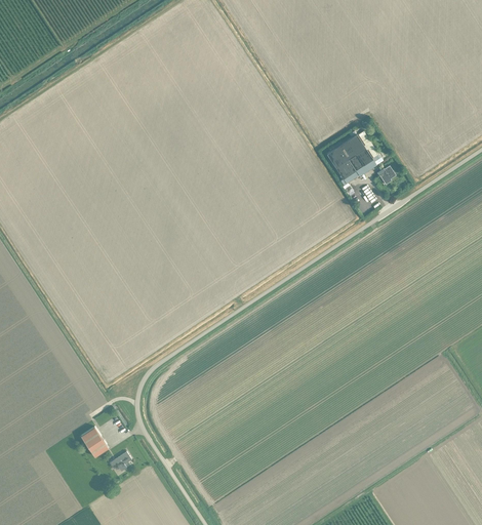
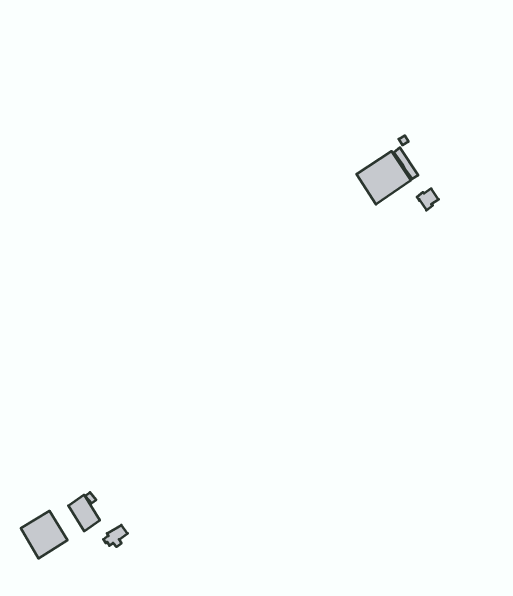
building: none -> [21,511,67,558]

